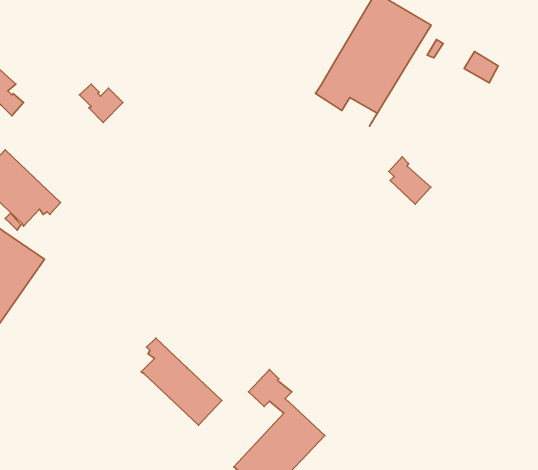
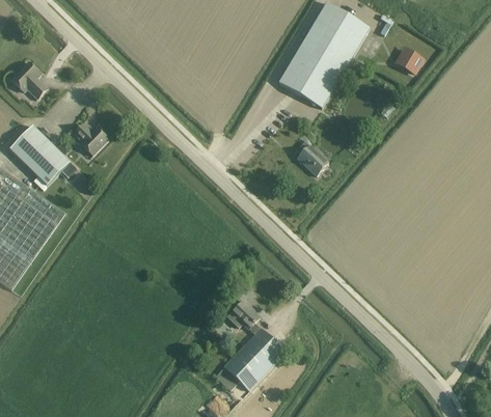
building: [79,84,123,122] -> [75,126,109,156]
building: [389,157,431,204] -> [295,139,328,176]
building: [141,338,222,425] -> none

